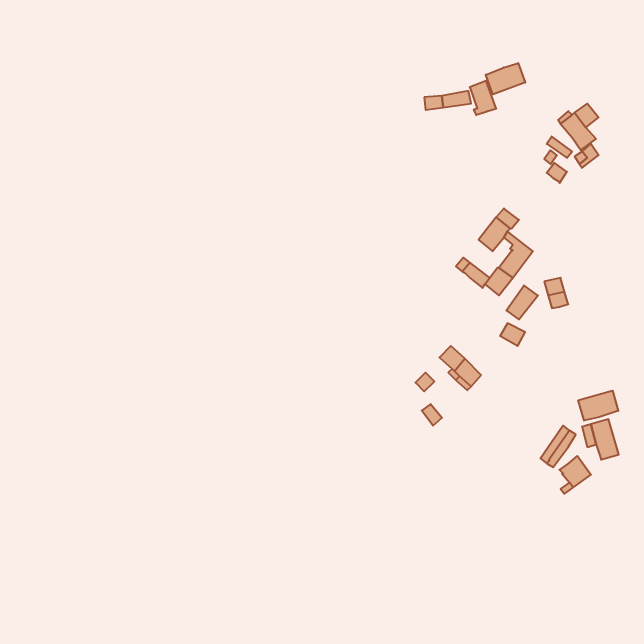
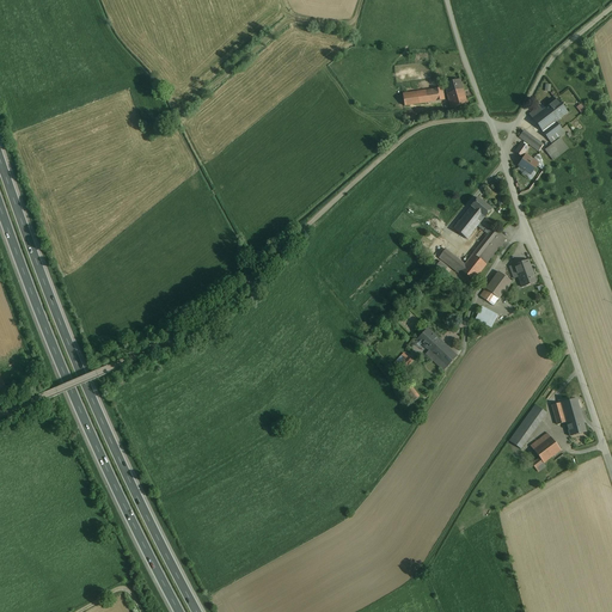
building: [486,63,525,94] -> none
building: [578,391,618,421] -> none

